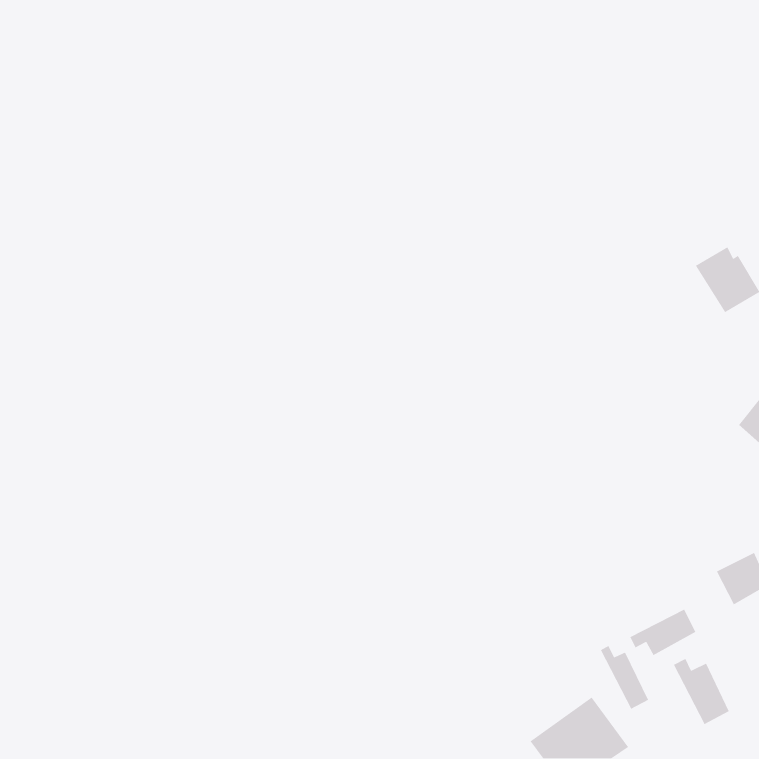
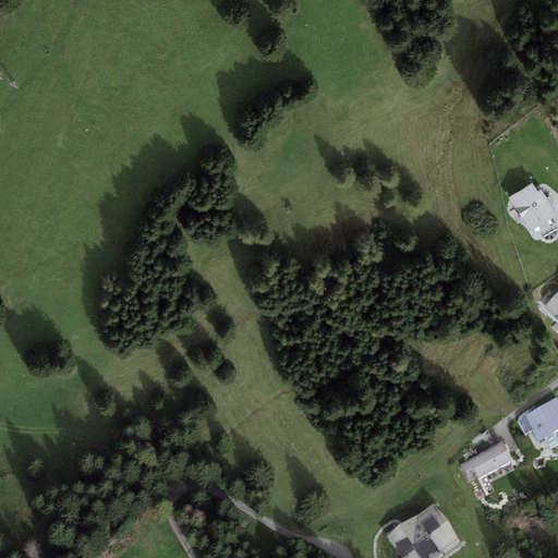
building: [600,645,649,710] -> none
building: [673,658,730,725] -> none

